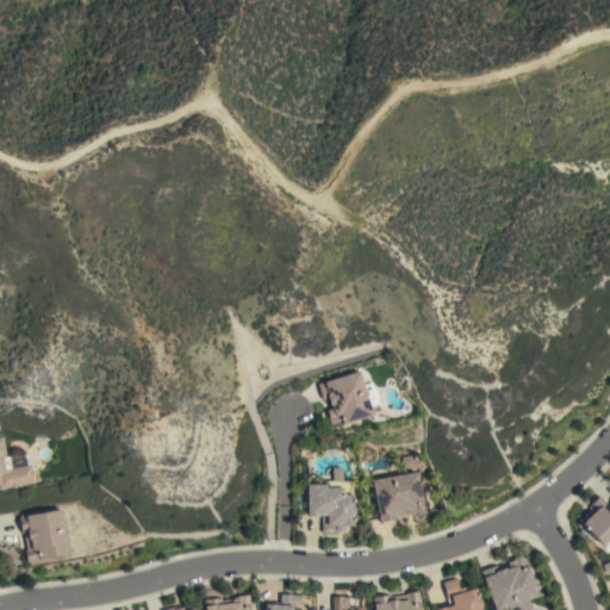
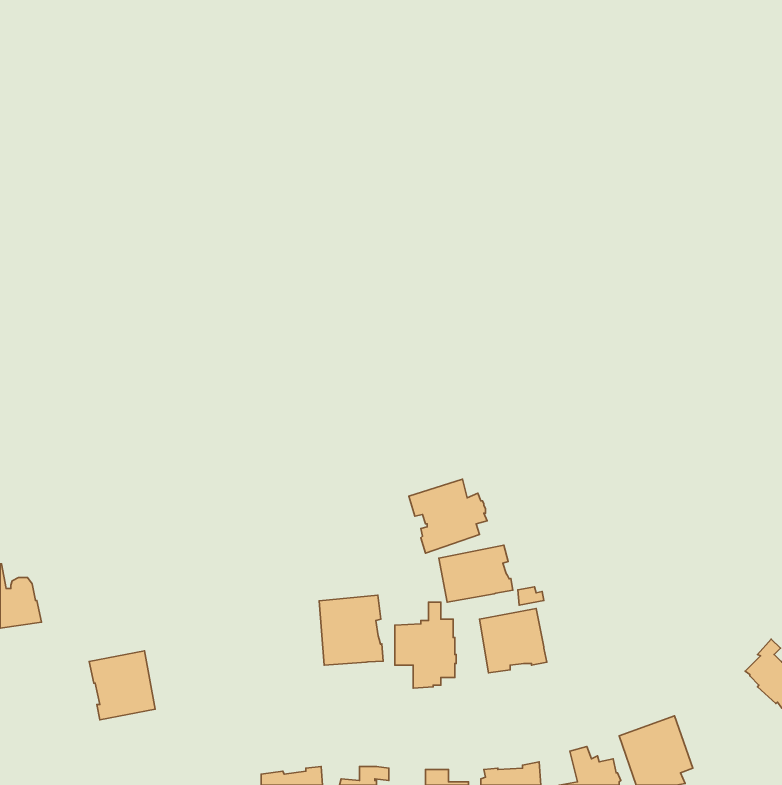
building: none -> [439,545,513,602]
building: none -> [319,595,383,665]
building: [20,509,71,562] -> [89,651,155,720]

